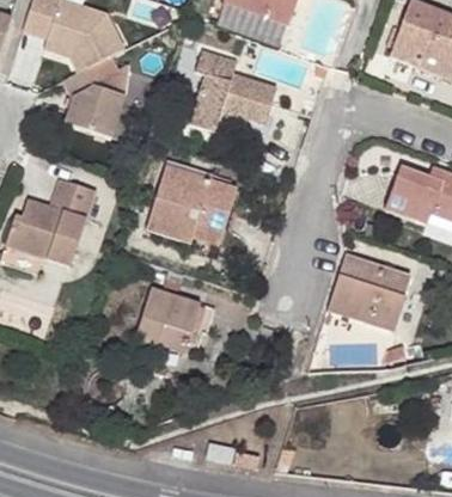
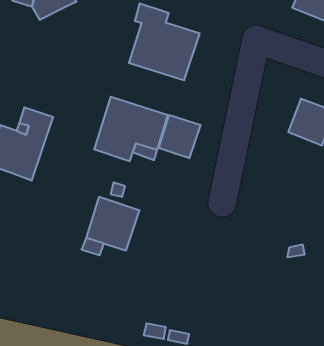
building: [65,53,124,135] -> none
building: none -> [159,115,201,158]
building: [330,254,410,329] -> none

